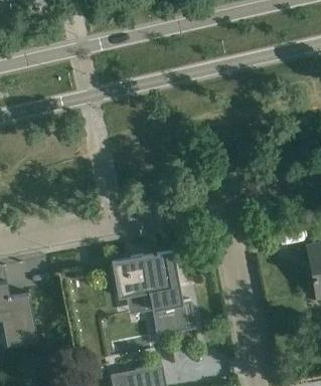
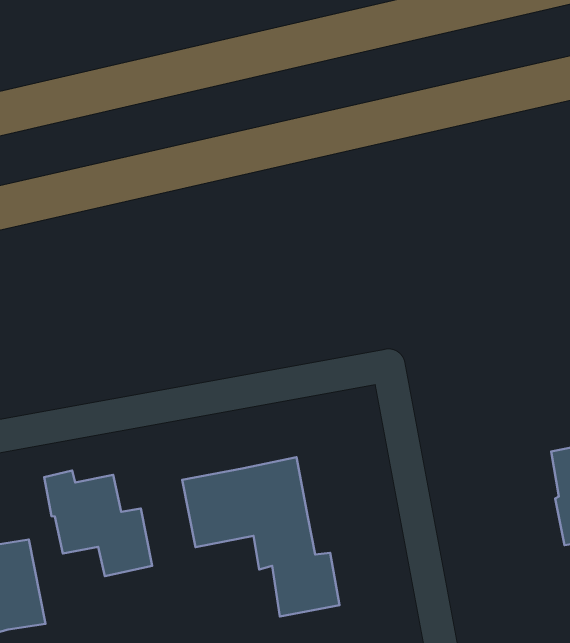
building: none -> [44,470,152,576]

